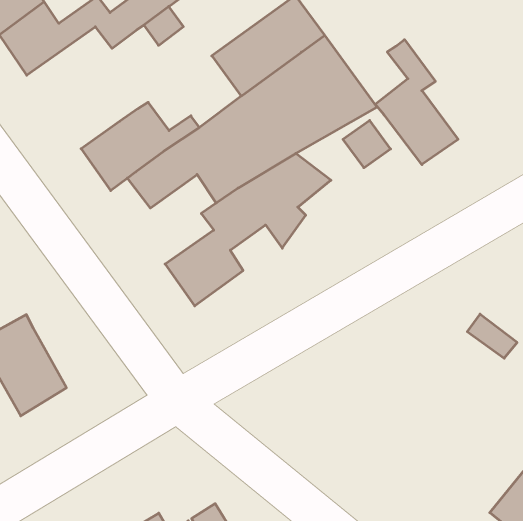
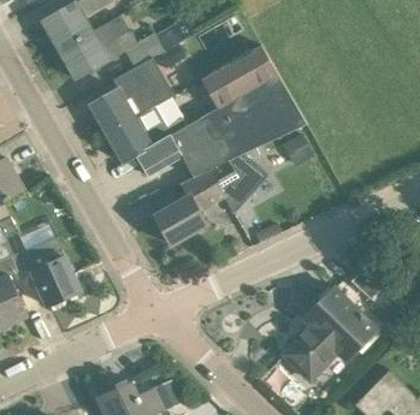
building: none -> [89,57,173,132]
building: [375,40,458,165] -> none
building: none -> [283,287,377,380]

